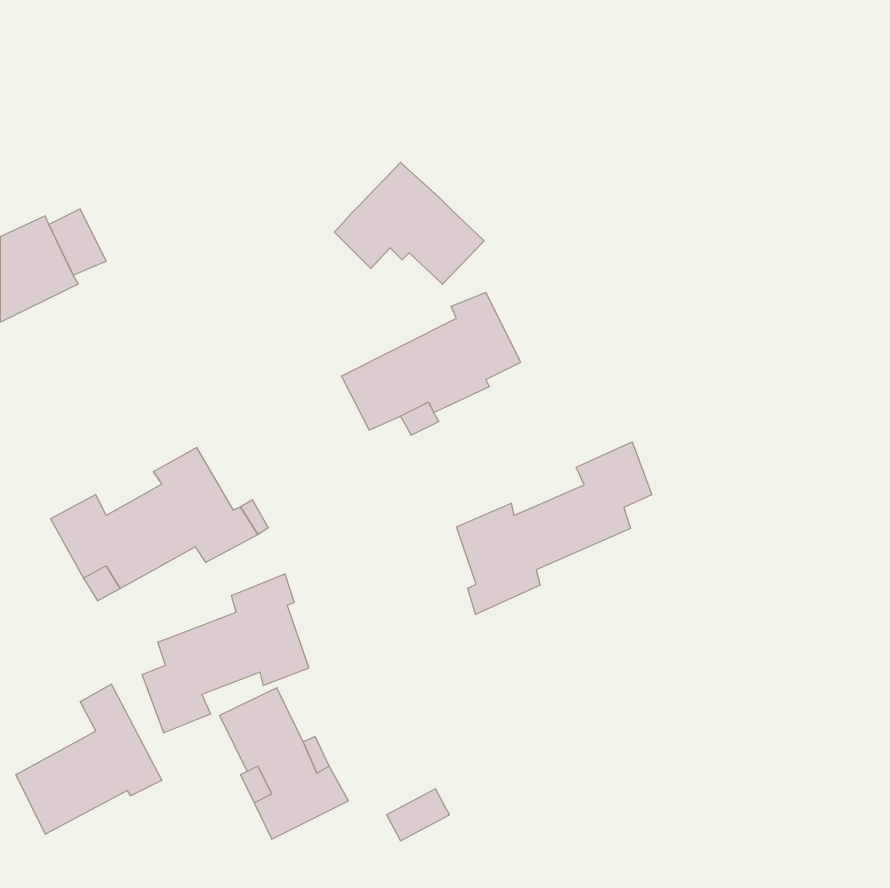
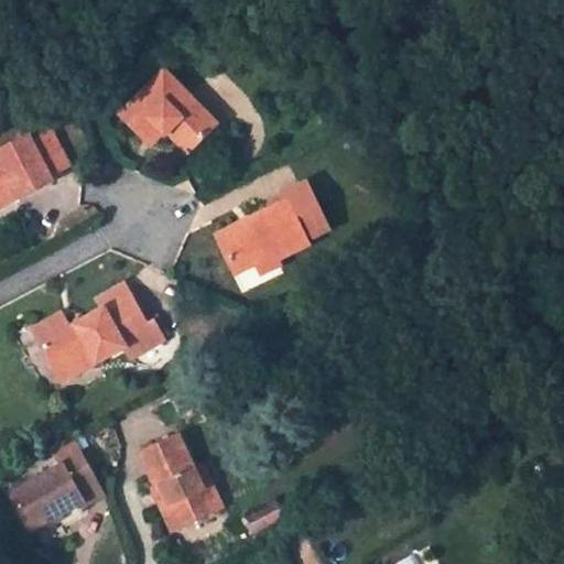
building: [334,162,484,284] -> [122,74,217,151]
building: [457,442,652,614] -> none
building: [142,574,309,733] -> none

